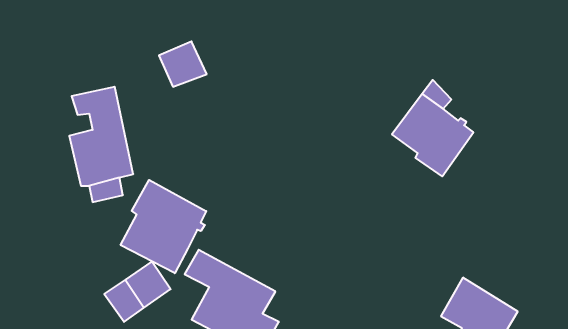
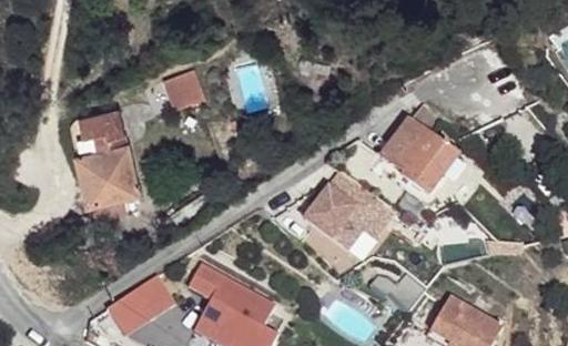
building: none -> [295,180,397,271]
building: [121,180,206,273] -> none

